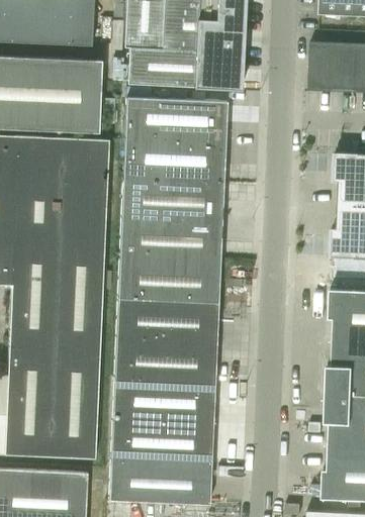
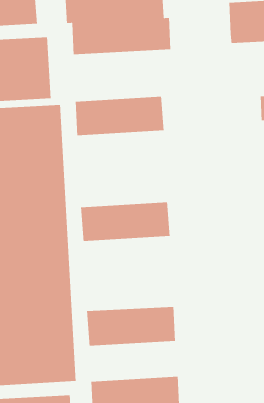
building: [125,97,227,141] -> none
building: [119,178,224,263] -> none
building: [114,299,219,383] -> none
building: [111,419,213,462] -> none

